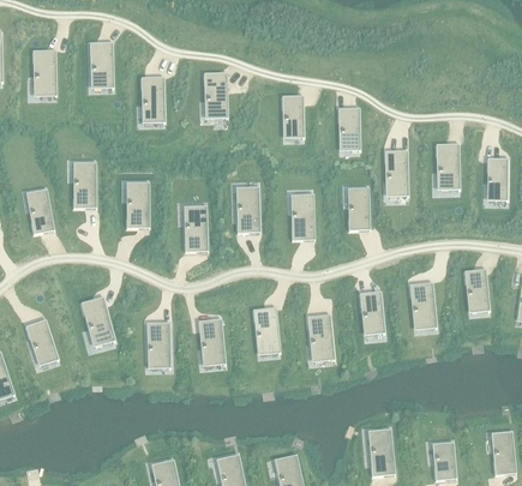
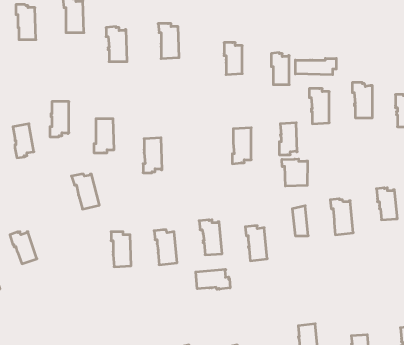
building: none -> [295,58,336,75]
building: [235,191,259,233] -> none
building: none -> [282,159,308,186]
building: [79,300,113,342] -> [71,174,99,209]
building: none -> [196,269,230,289]

